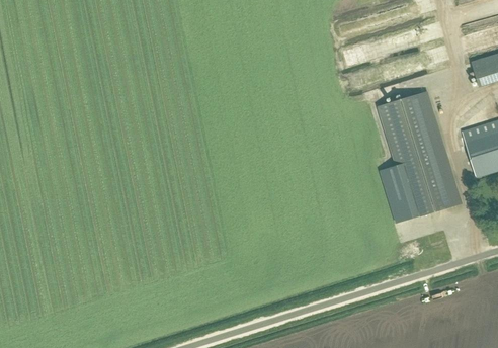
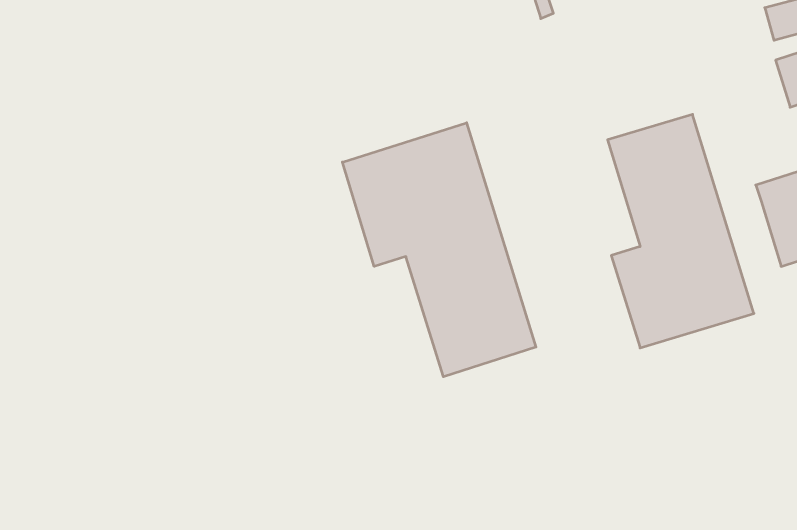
building: none -> [342,123,536,377]

